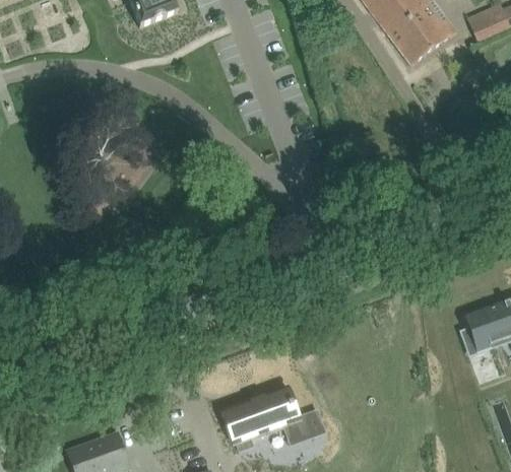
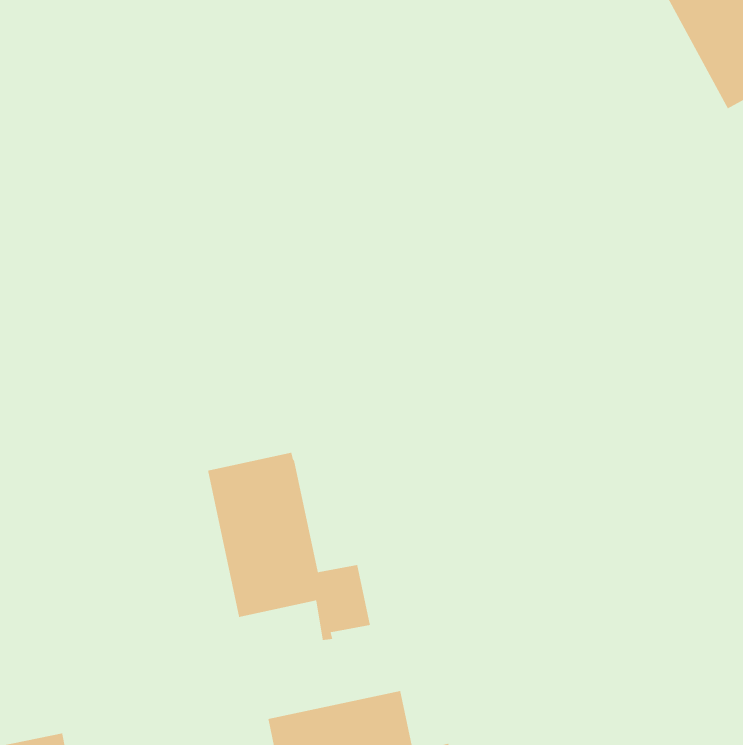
building: none -> [207,452,371,641]

